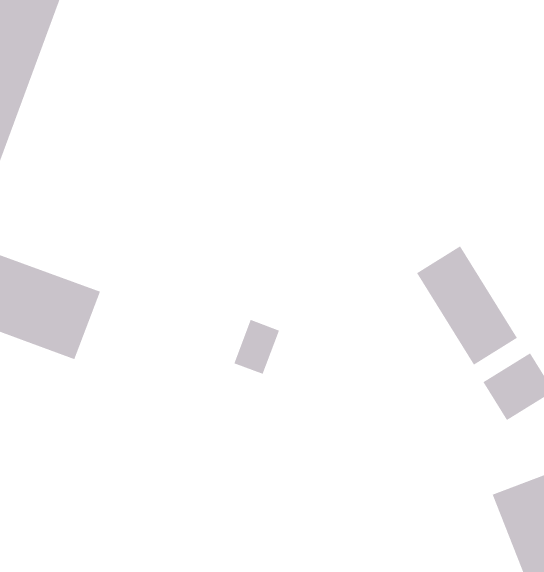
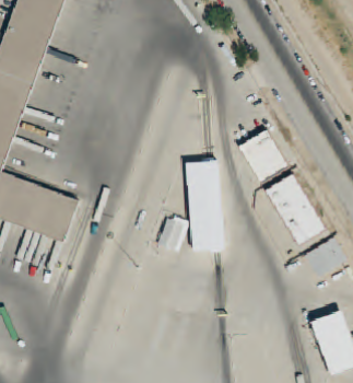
building: none -> [238,128,289,183]
building: none -> [185,159,224,252]

